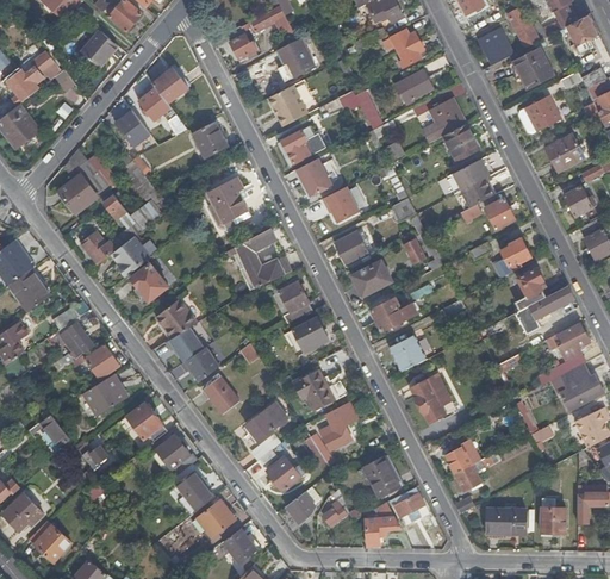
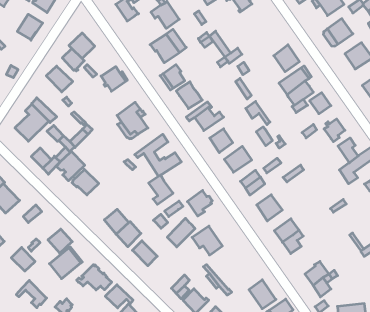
building: [399,69,432,99] -> none
building: [421,96,466,143] -> none
building: [279,281,312,323] -> [149,175,173,204]
building: [161,299,197,337] -> none
building: [60,322,93,356] -> [11,247,35,271]
building: [245,401,287,441] -> [167,218,195,247]
building: [323,401,357,449] -> none

